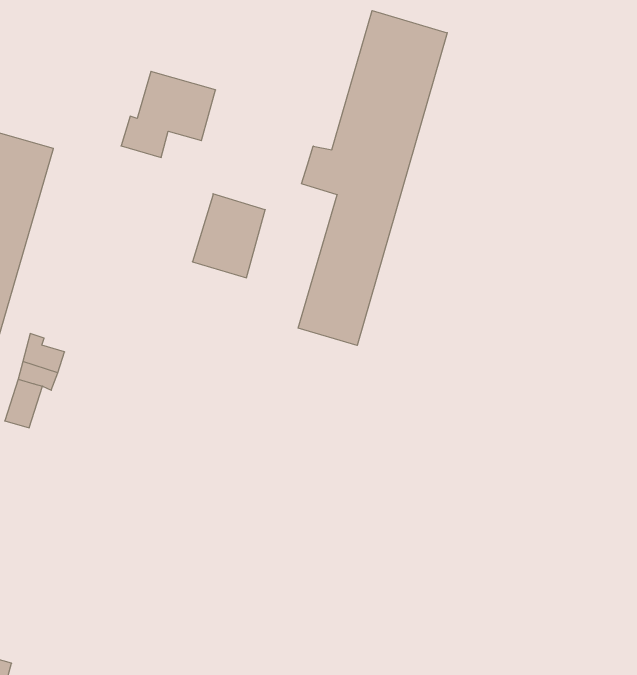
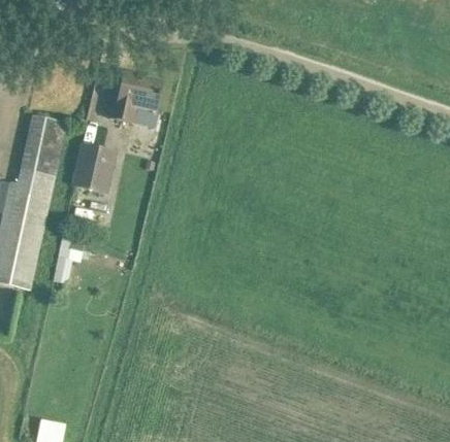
building: [298,11,447,345] -> none
building: [192,194,265,278] -> [70,145,110,193]

